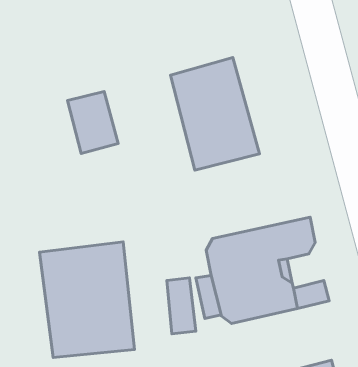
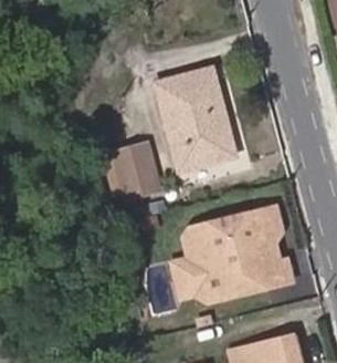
building: [67,92,118,154] -> [113,143,157,197]
building: [39,242,134,357] -> none

